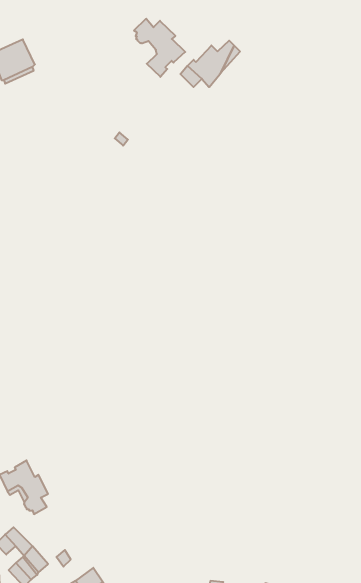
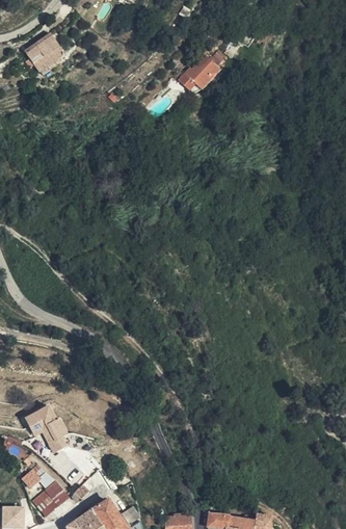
building: [134,19,185,77] -> none

